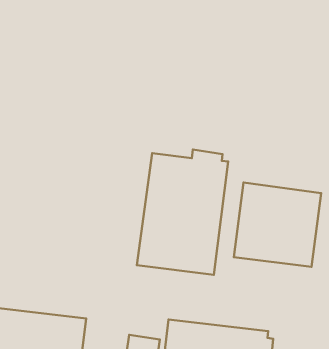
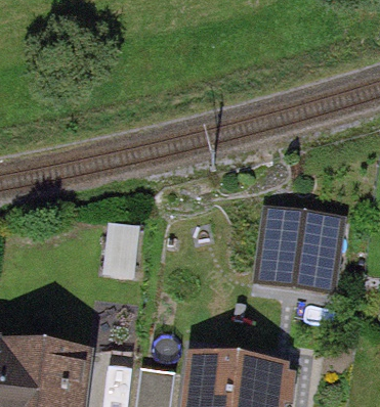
building: [137,150,228,275] -> none

